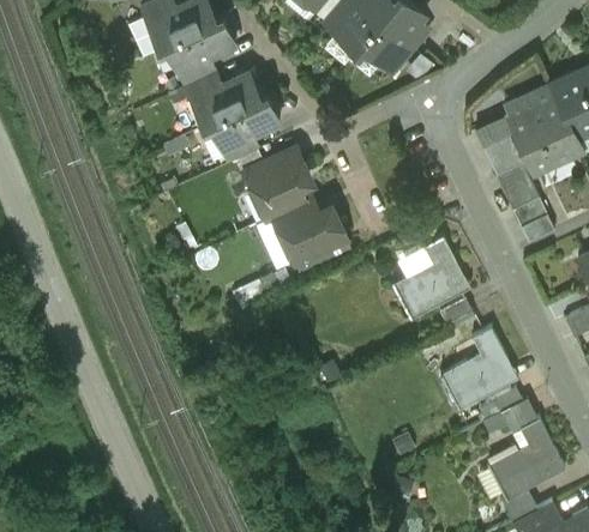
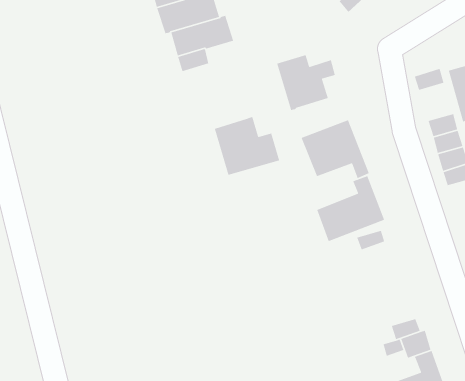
building: [481,129,522,171] -> none
building: [244,155,308,217] -> [276,54,336,111]
building: none -> [301,119,370,179]
building: [438,320,506,404] -> none

